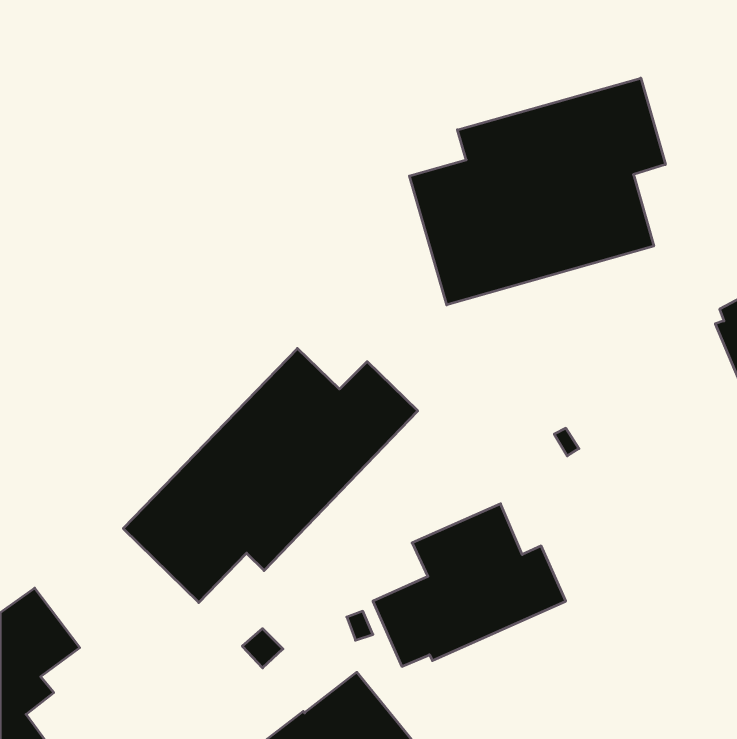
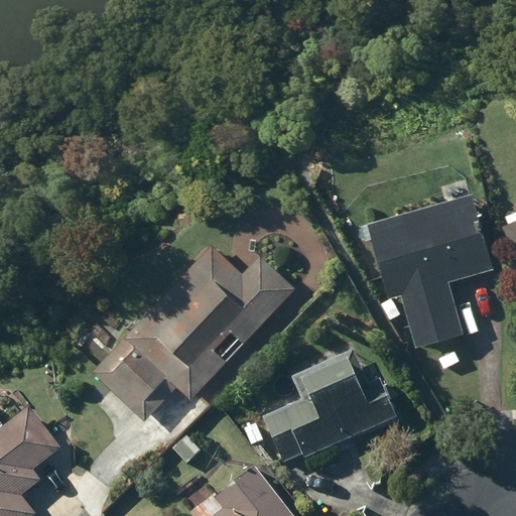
building: [409,78,665,305] -> none
building: none -> [374,194,498,345]

